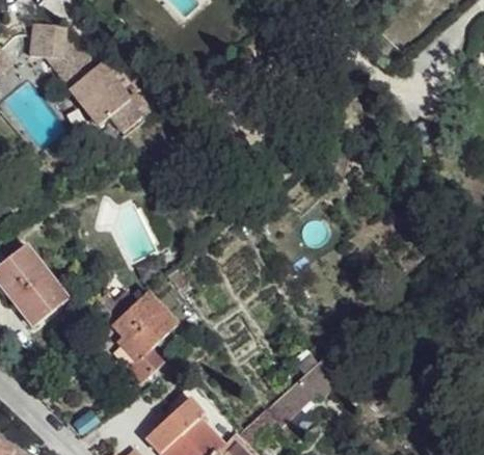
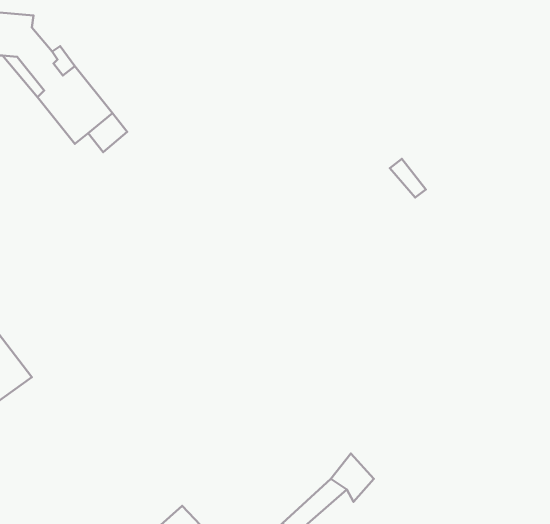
building: [111,292,174,381] -> none

